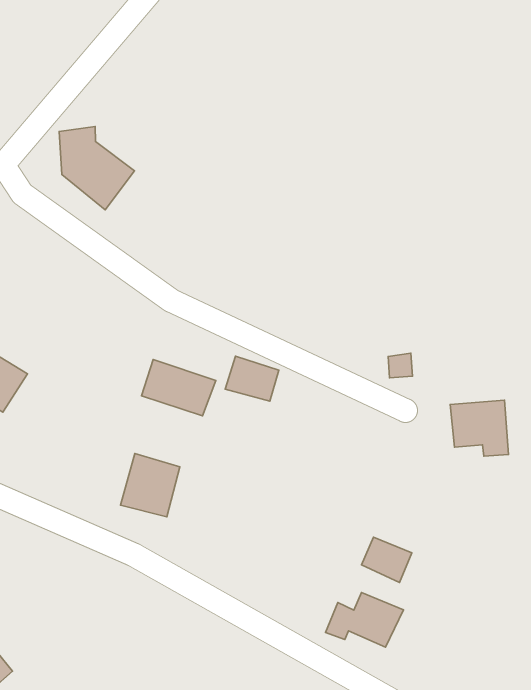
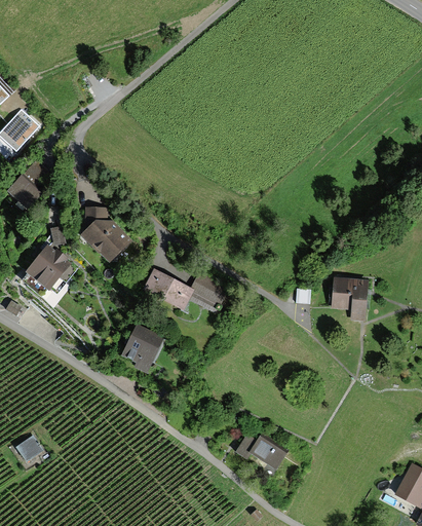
building: [59,127,134,210] -> [81,208,126,260]
building: [450,400,509,456] -> [332,279,367,315]
building: [361,537,412,582] -> none

